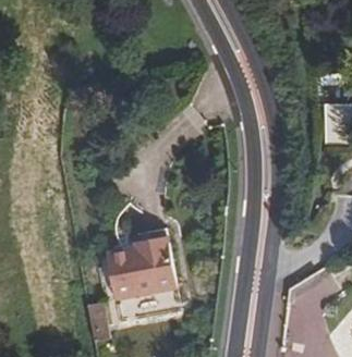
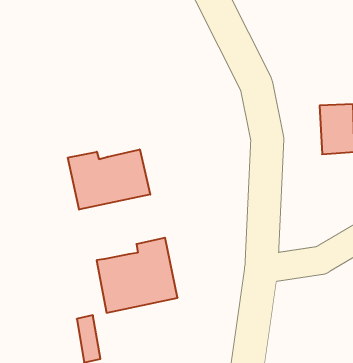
building: none -> [68,149,150,210]

